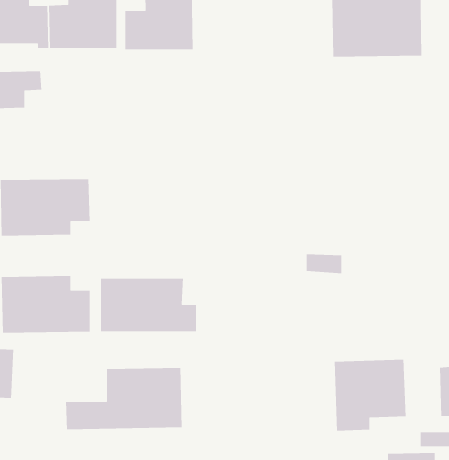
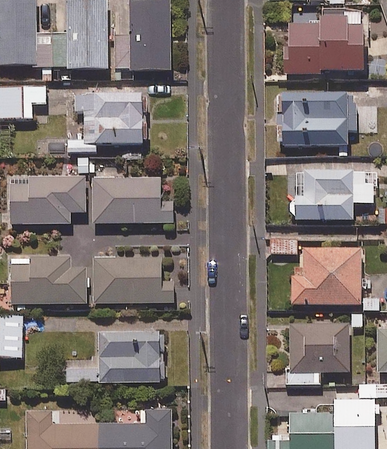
building: none -> [68,93,144,151]
building: none -> [276,94,354,154]
building: none -> [289,171,371,221]
building: none -> [93,176,173,222]
building: none -> [289,249,358,306]

